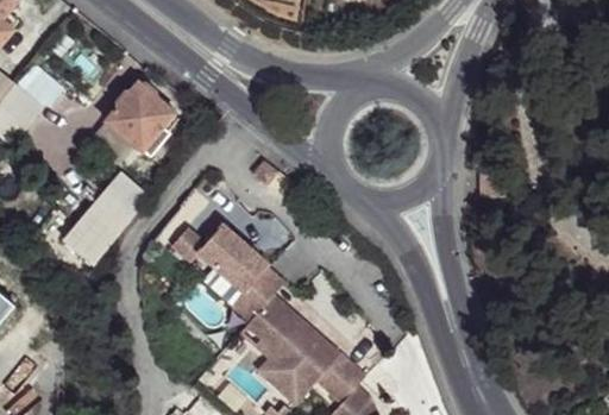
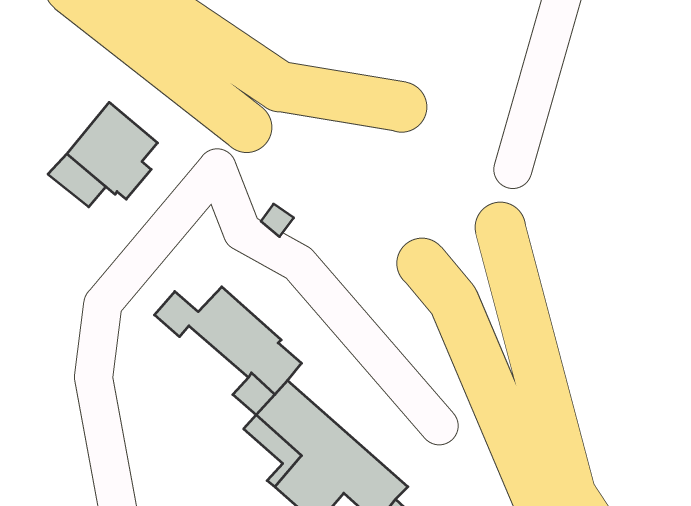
building: [63,170,150,263] -> none

